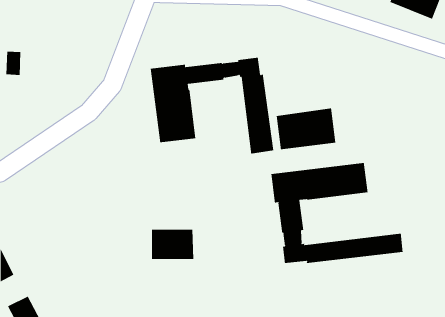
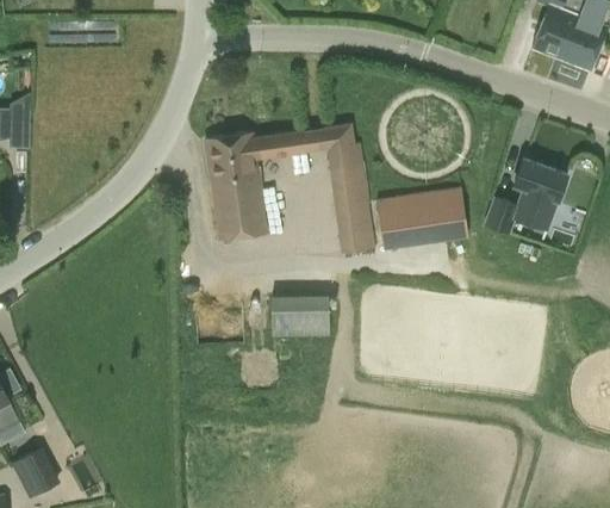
building: none -> [484,160,566,234]
building: [271,162,403,264] -> none
building: [151,229,194,260] -> [272,296,330,337]

